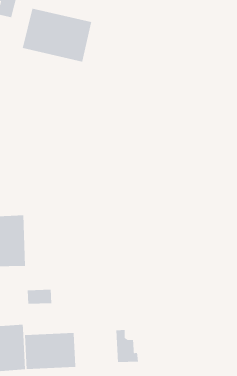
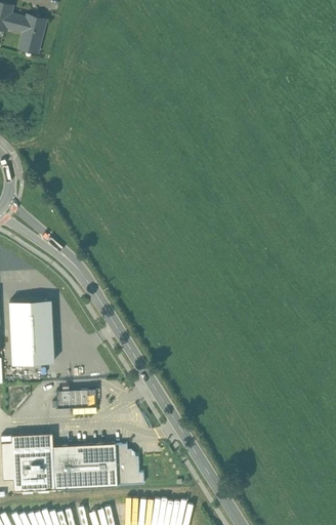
building: [22,8,92,63] -> none
building: [116,329,139,363] -> [115,444,143,485]

